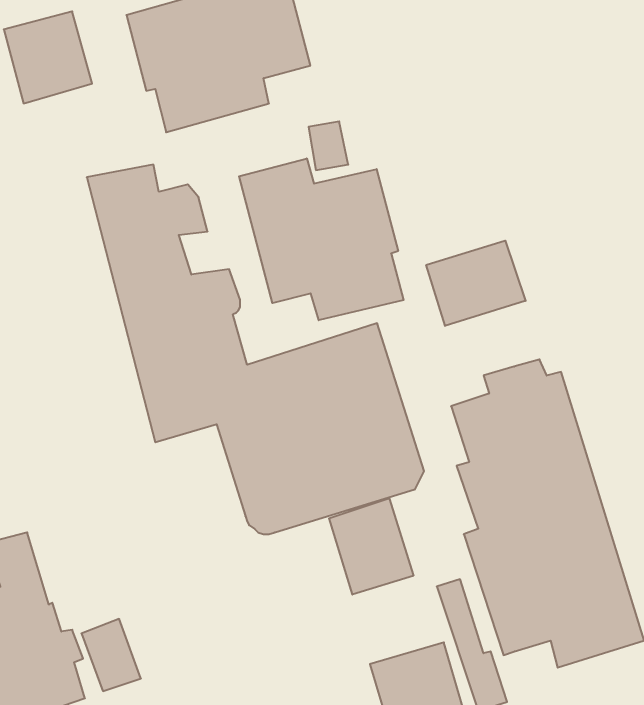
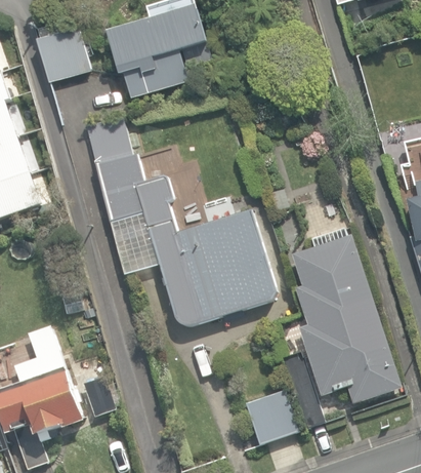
building: [239,158,404,320] -> none
building: [426,241,526,326] -> none
building: [329,498,413,595] -> none

